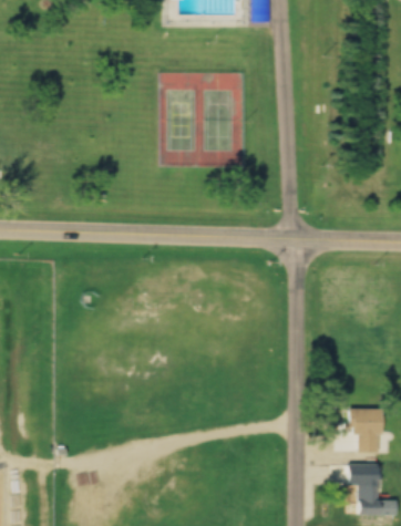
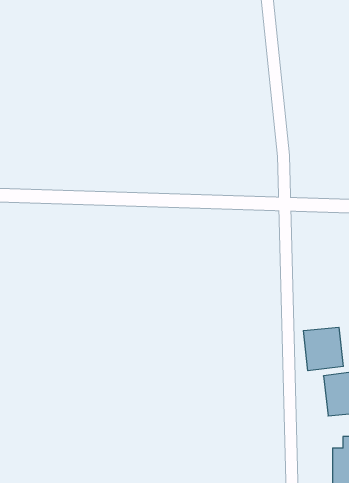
building: none -> [303,327,343,371]

